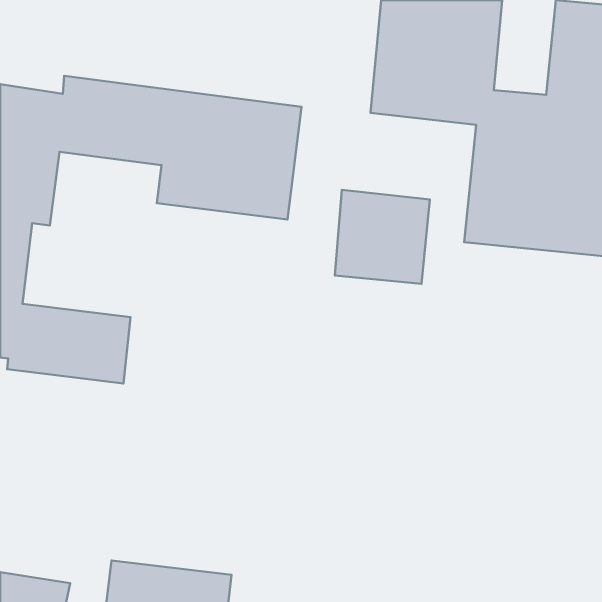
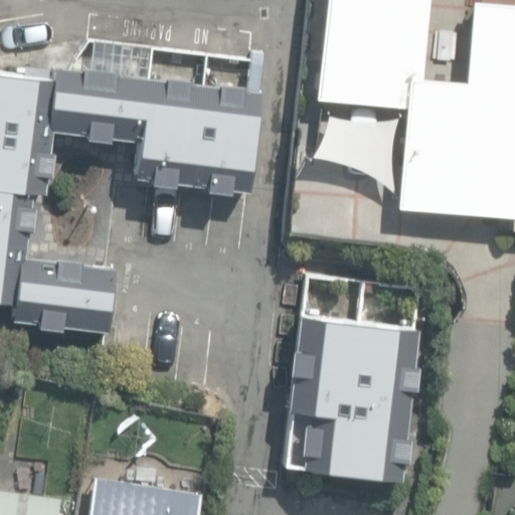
building: none -> [286,318,416,479]

